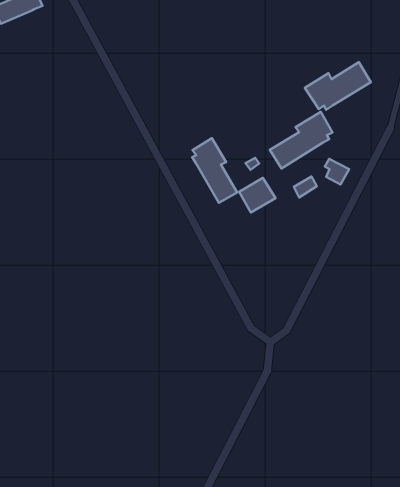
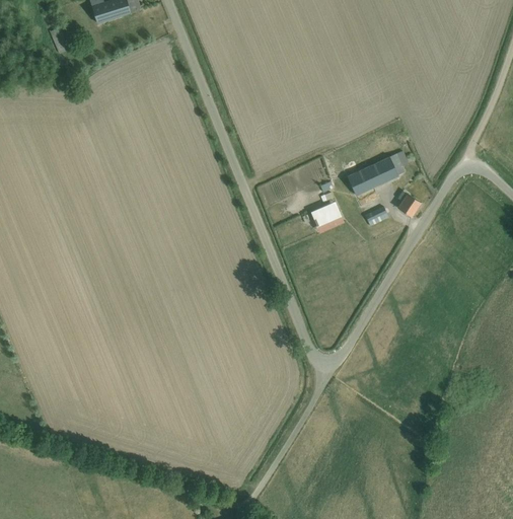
building: [305,62,371,110] -> none
building: [192,138,237,203] -> none

